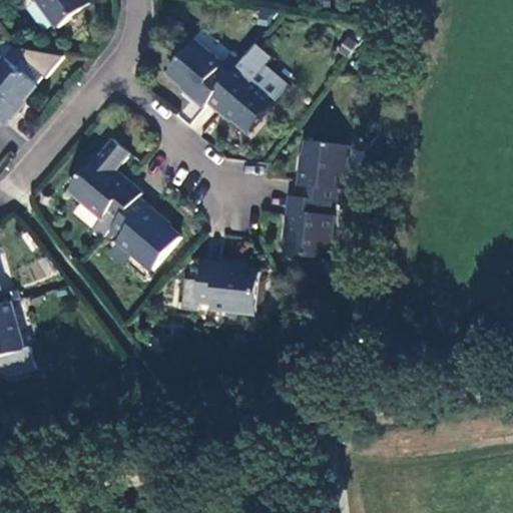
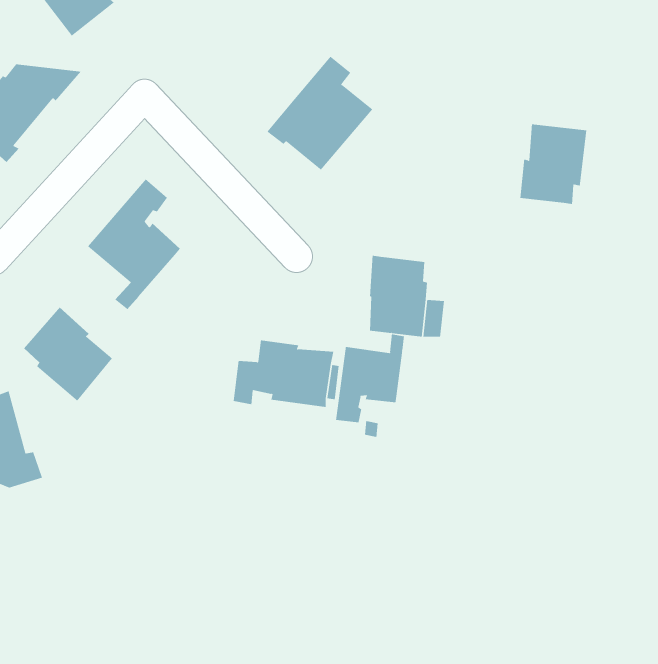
building: [165,40,226,107] -> none
building: [294,140,346,202] -> [520,124,587,205]
building: [107,196,176,270] -> [23,306,113,401]
building: none -> [335,333,404,423]

